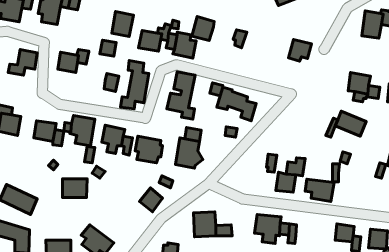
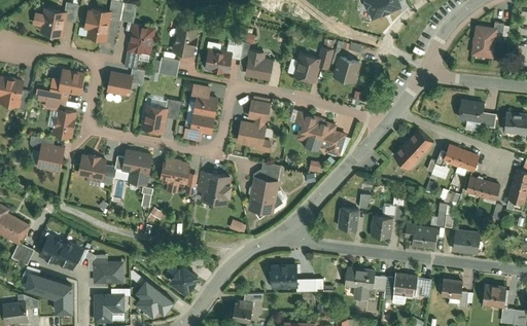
building: none -> [129,23,156,52]
building: [192,16,214,40] -> [294,51,321,80]
building: [288,40,312,61] -> [333,55,361,80]
building: none -> [44,96,76,137]
building: none -> [142,103,165,134]
building: none -> [394,128,435,170]
building: none -> [462,175,499,201]
building: none -> [338,208,360,230]
building: [62,179,87,198] -> [94,262,124,285]
building: none -> [452,229,480,256]
building: [139,188,163,212] -> [169,269,197,298]
building: none -> [393,273,418,295]

